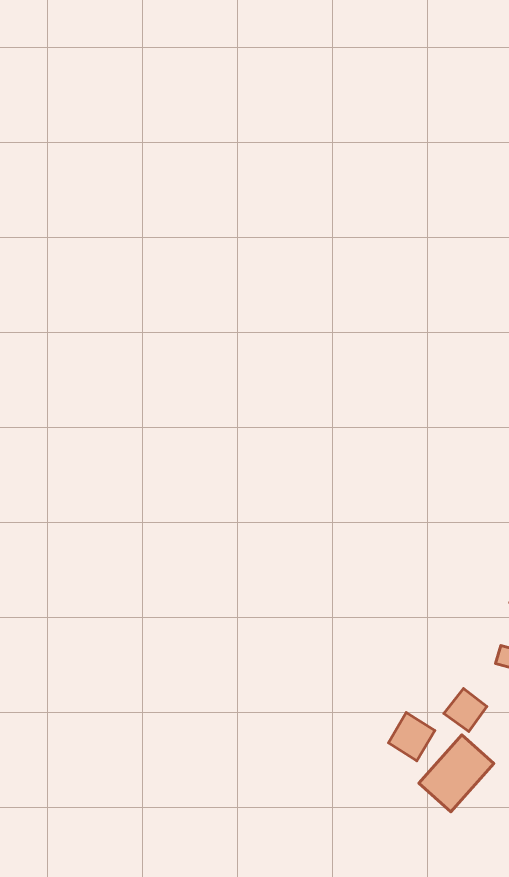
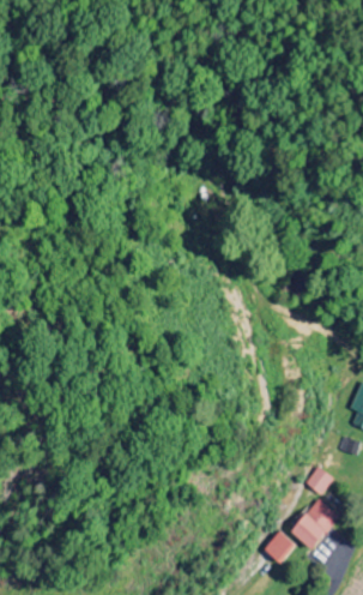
building: [388,713,435,761] -> [264,531,295,564]

